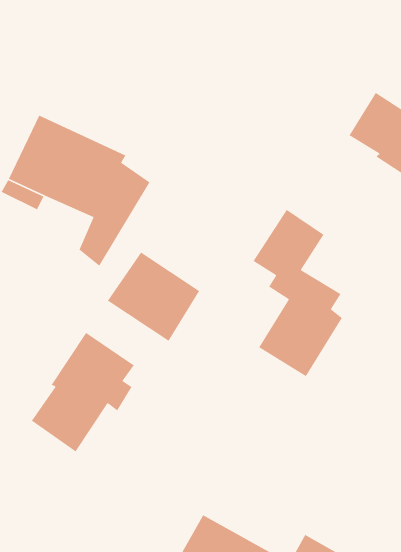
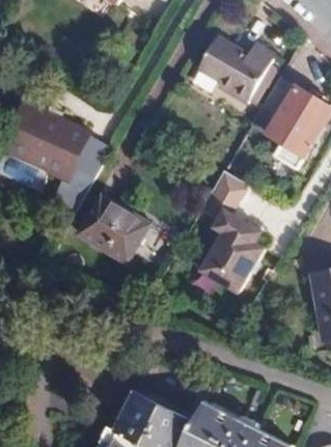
building: none -> [202,36,278,103]
building: [31,332,135,453] -> none

